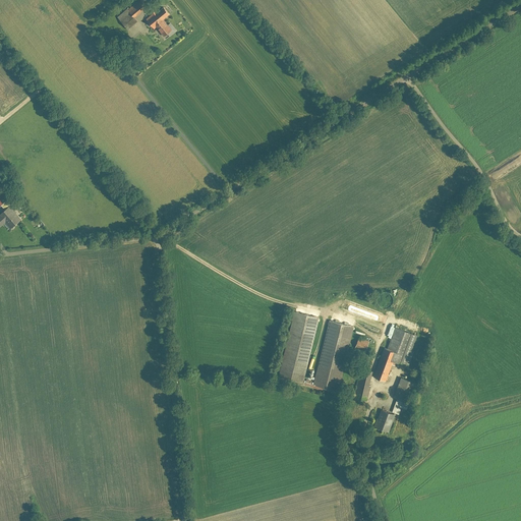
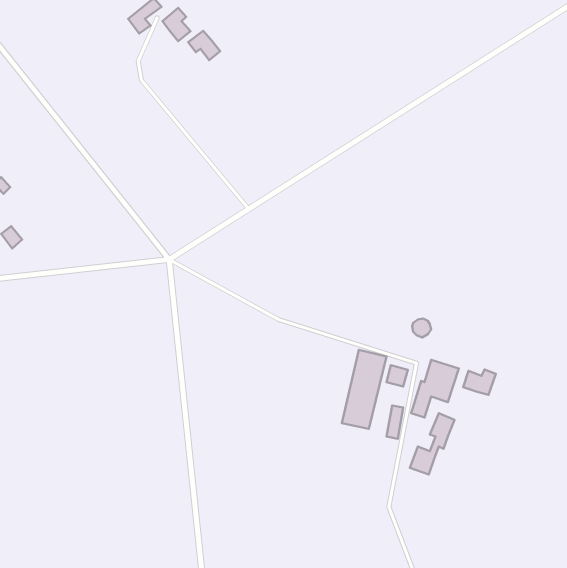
building: none -> [188,31,220,60]
building: [278,311,319,383] -> none
building: none -> [463,370,496,395]

